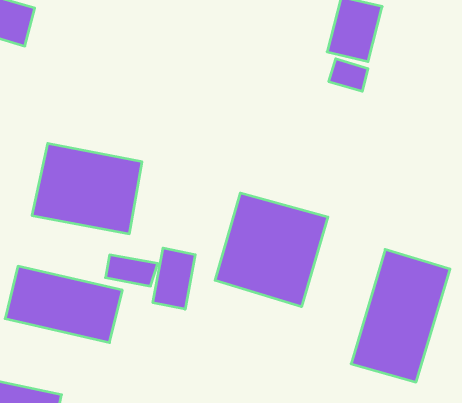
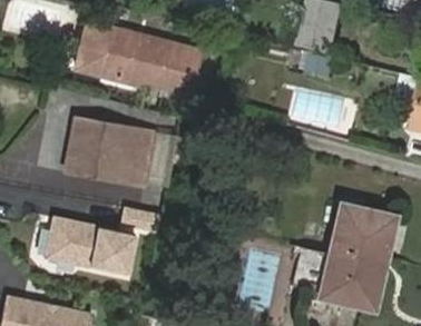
building: none -> [74,21,204,93]
building: [215,193,328,307] -> none
building: [153,248,195,309] -> none

